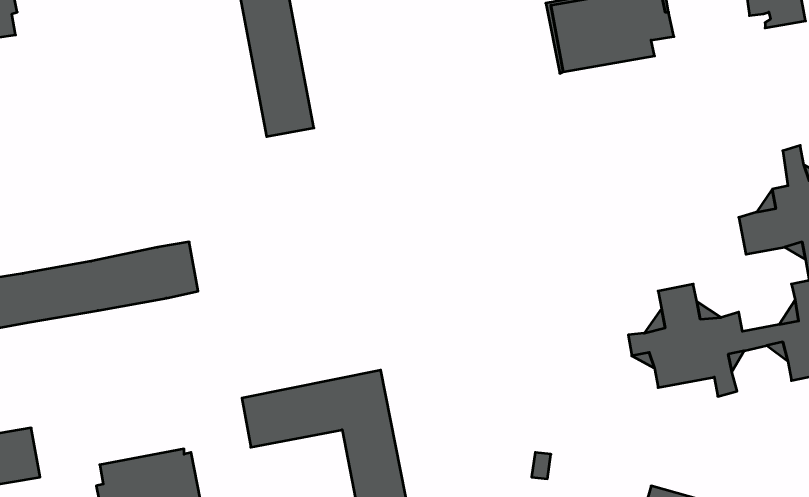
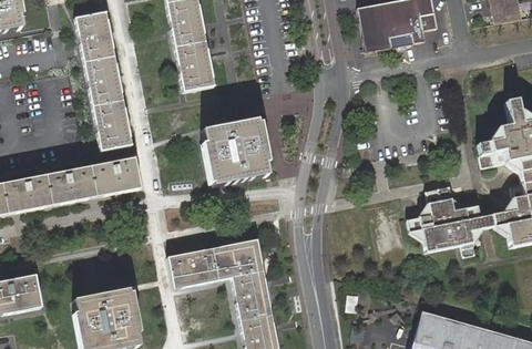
building: none -> [73,12,130,150]
building: none -> [204,116,270,183]

